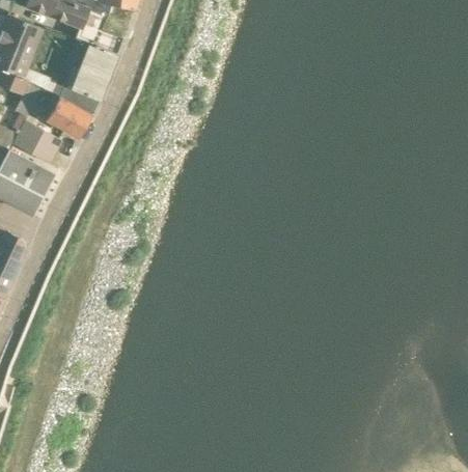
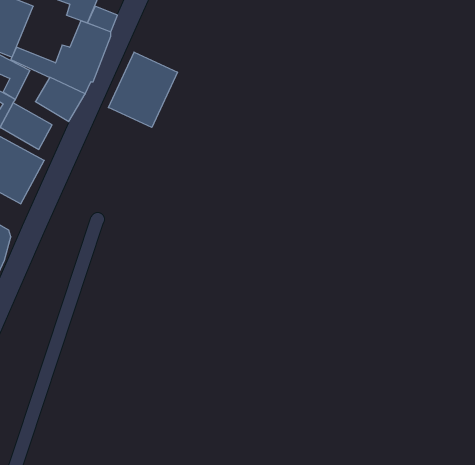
building: none -> [108,52,177,127]

